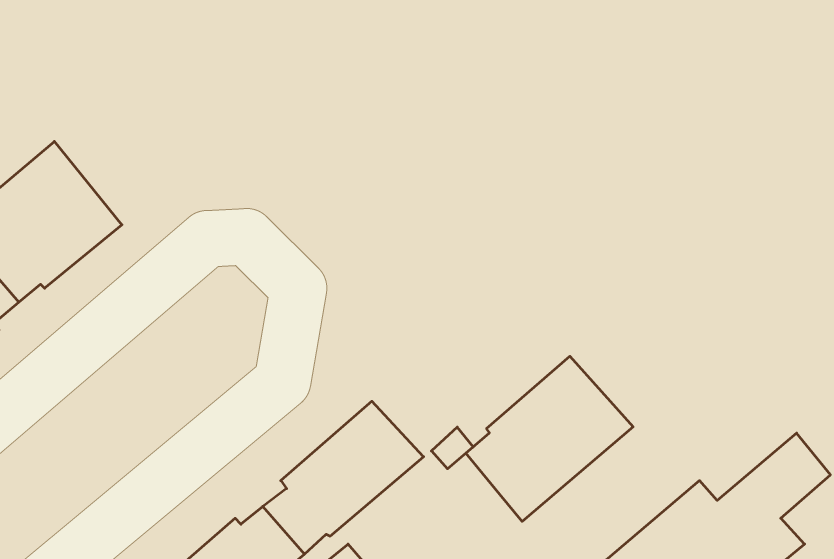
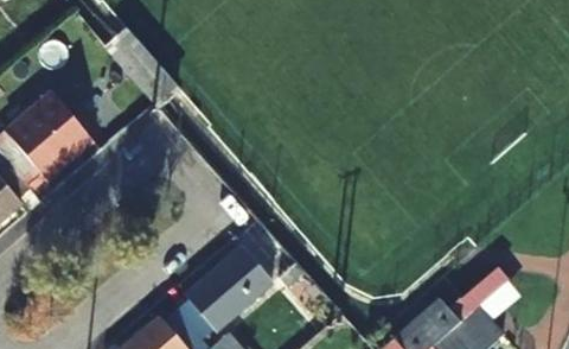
building: [466,356,633,521] -> none

